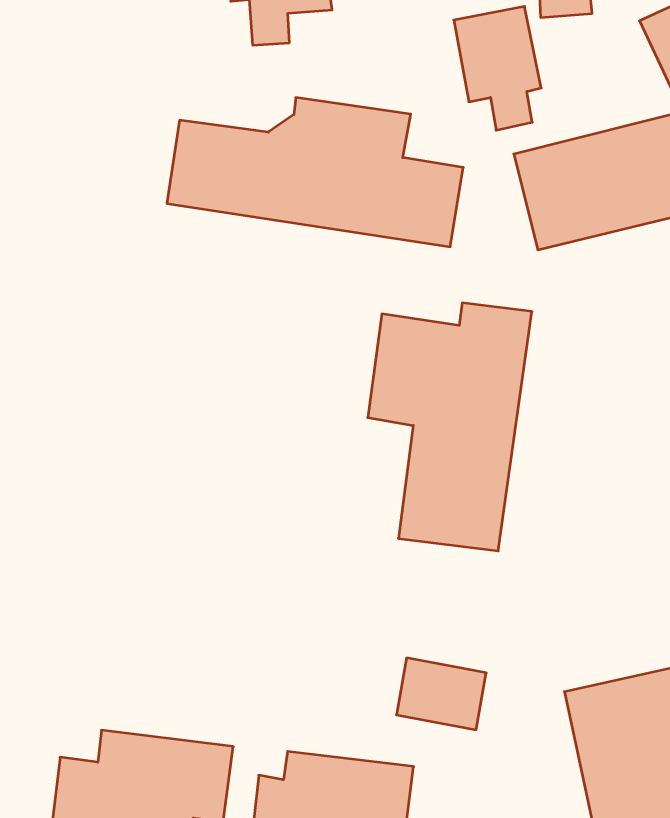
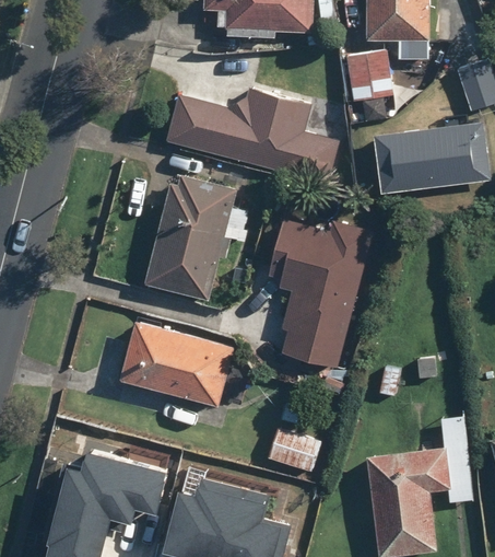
building: none -> [144,169,250,299]
building: none -> [119,320,235,407]

